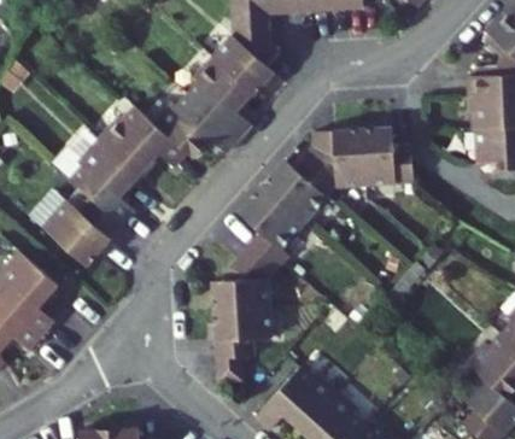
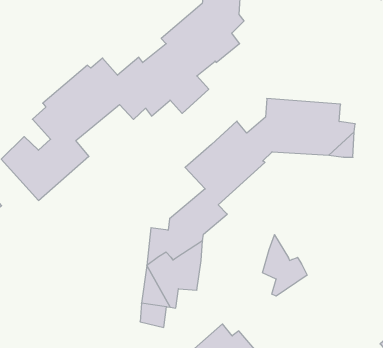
building: none -> [262,235,307,296]

